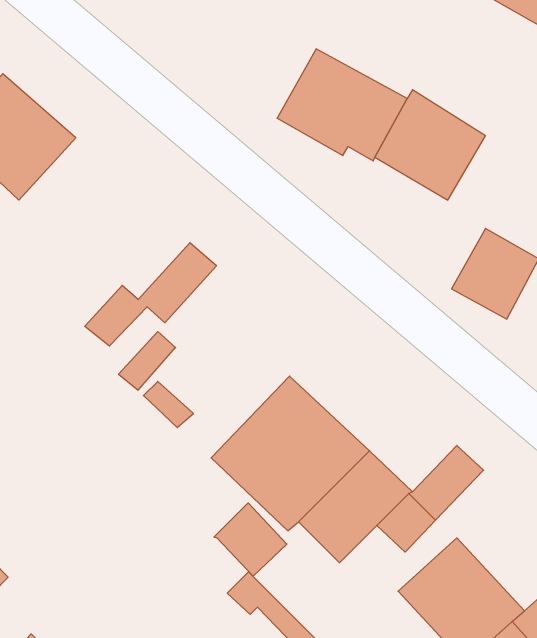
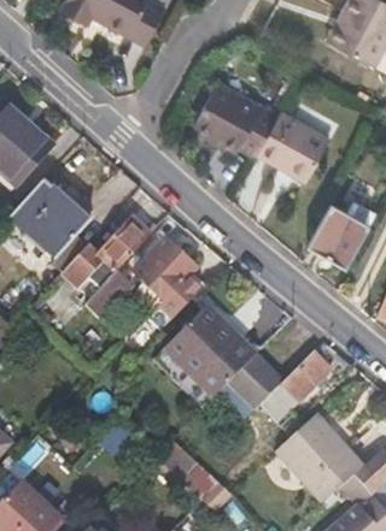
building: none -> [12,178,90,256]
building: none -> [135,240,200,325]
building: [214,503,287,576] -> none

